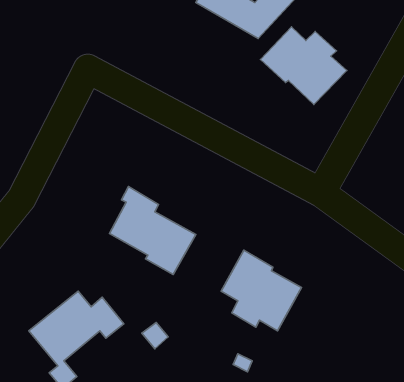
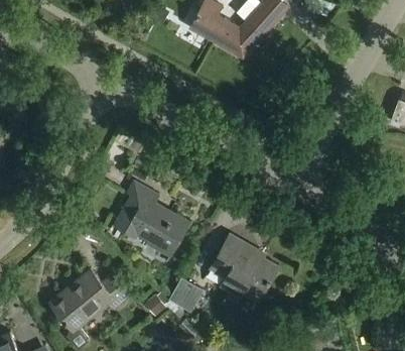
building: [260,27,347,105] -> none
building: none -> [170,279,205,314]

